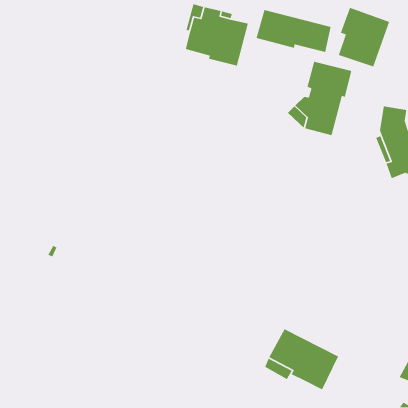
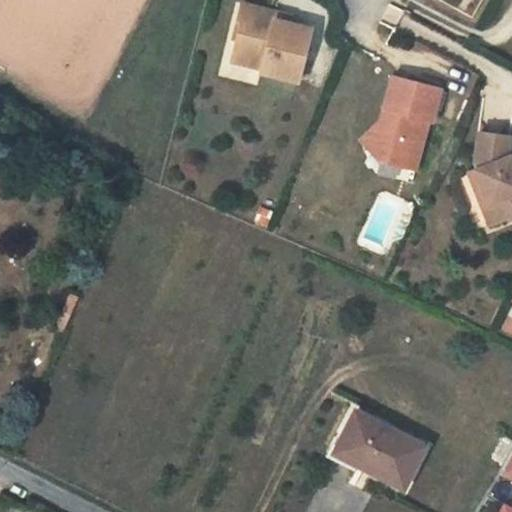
building: [338,7,390,67] -> none
building: [256,9,332,53] -> none

